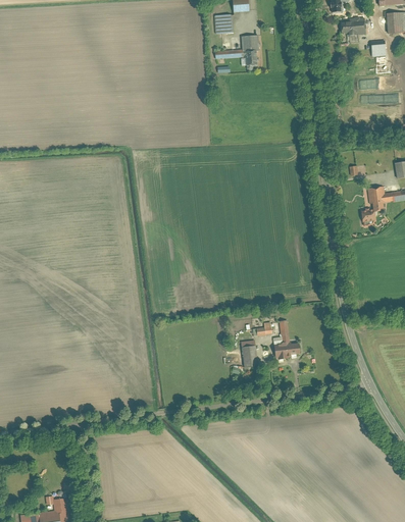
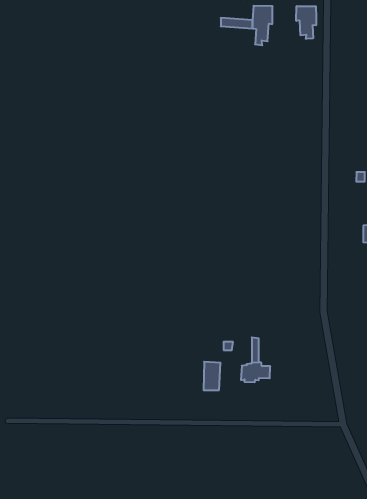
building: none -> [296,6,316,39]

